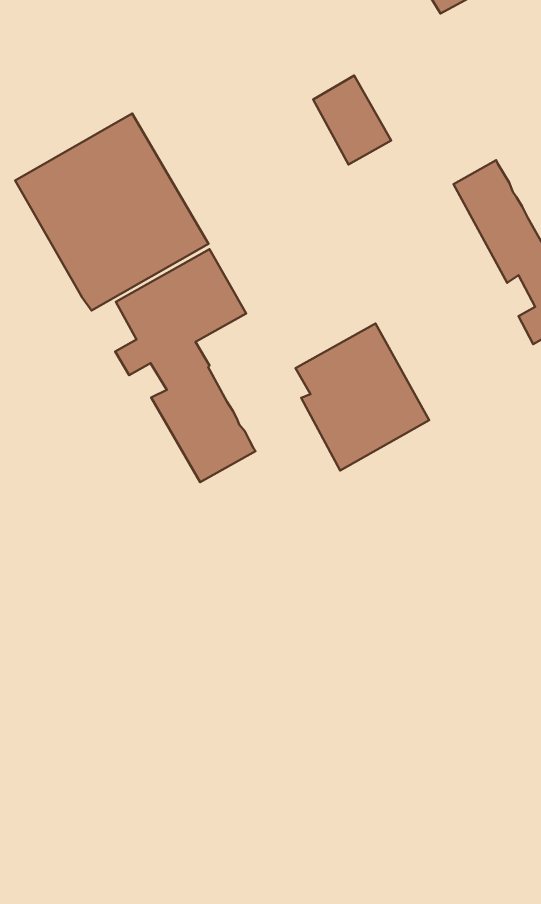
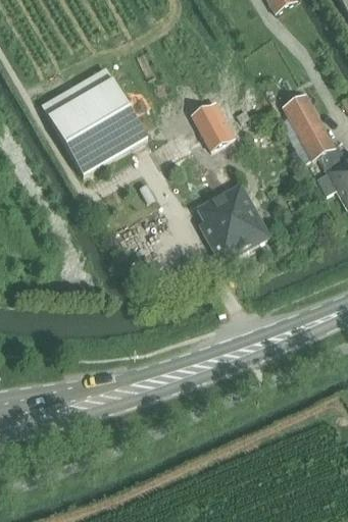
building: [313,75,391,165] -> [191,101,234,150]
building: [115,249,255,482] -> none

